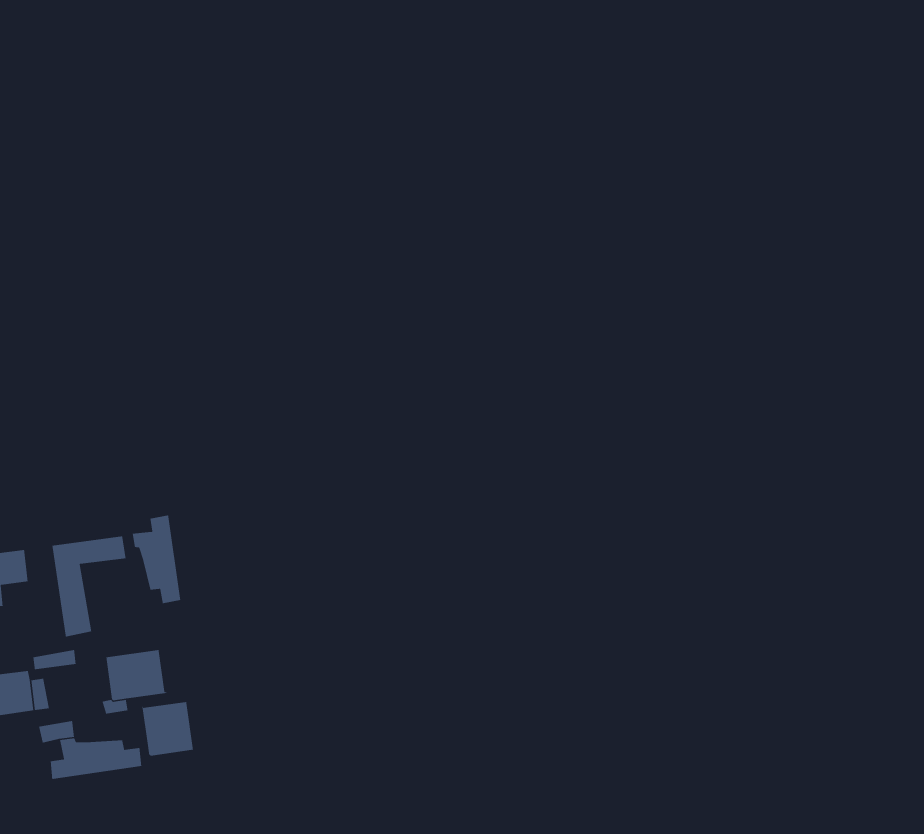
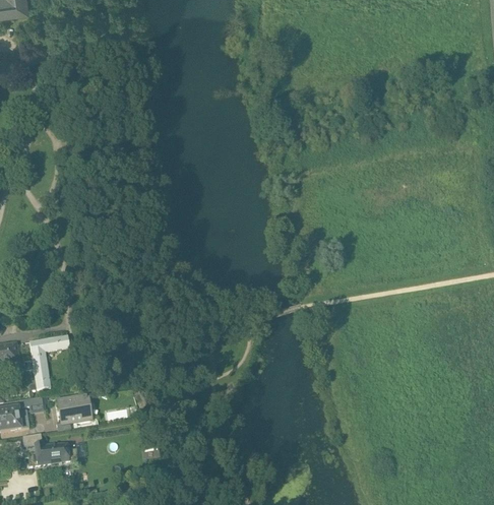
building: [132,515,181,604] -> none
building: [141,701,194,756] -> none

